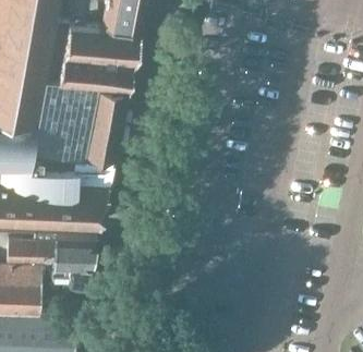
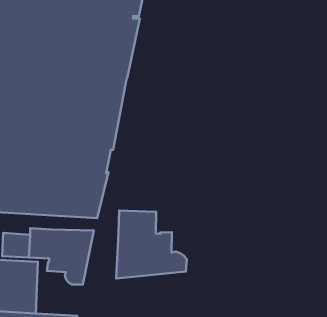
building: none -> [116,210,187,279]

